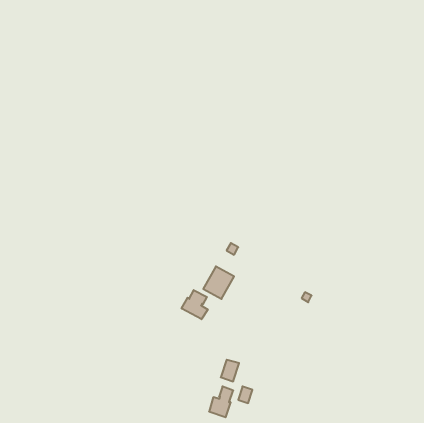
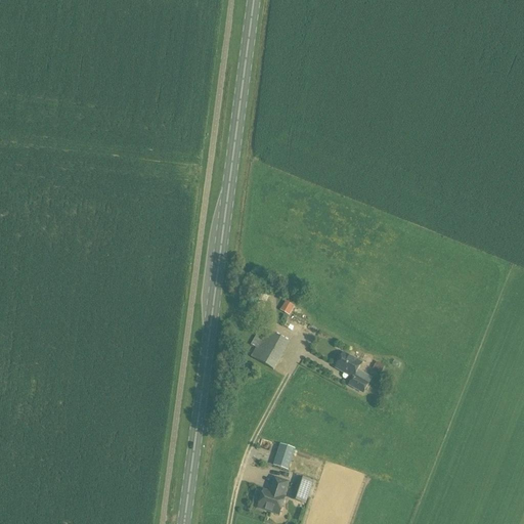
building: none -> [334,351,369,390]
building: [182,290,208,319] -> none

